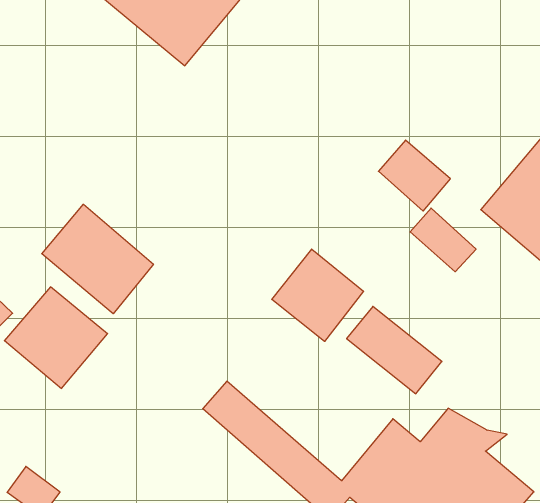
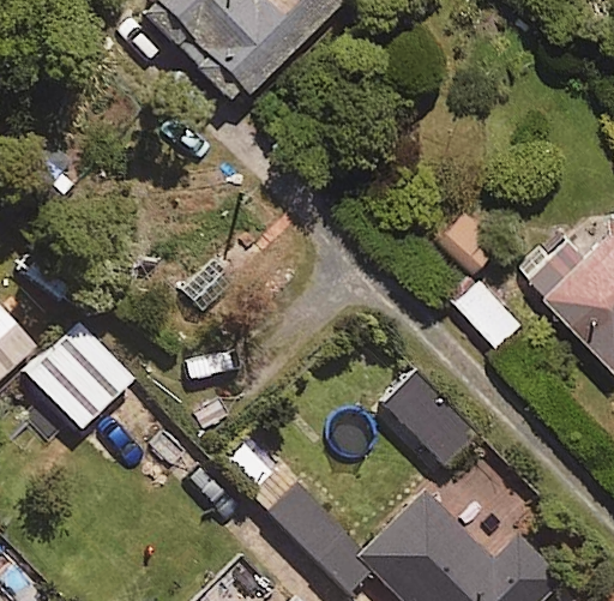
building: [42,204,153,314] -> none
building: [272,249,364,341] -> none

